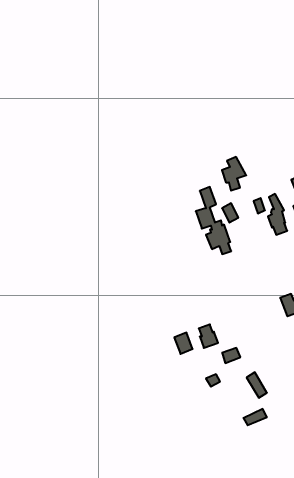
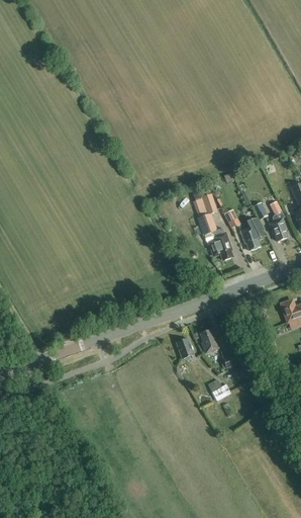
building: [222,157,246,191] -> [240,218,265,251]

